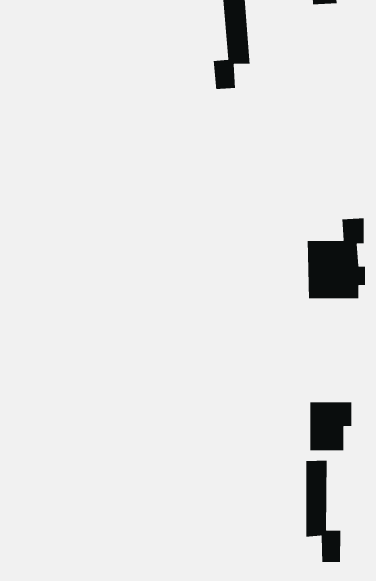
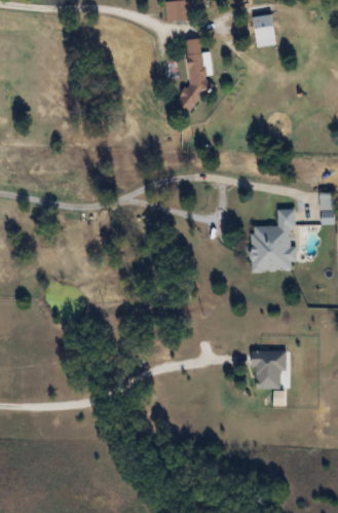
building: [306,460,341,563] -> none

